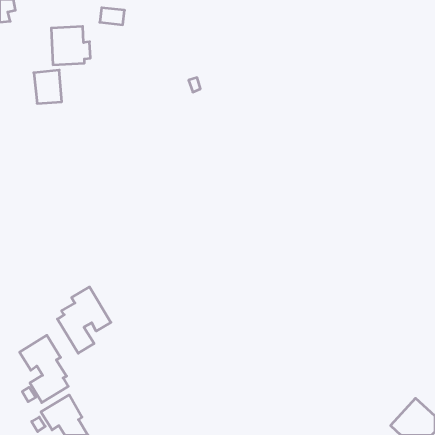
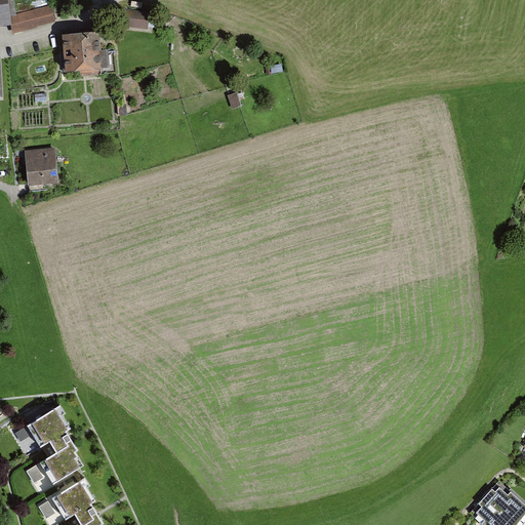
building: none -> [9,6,56,29]
building: [34,70,62,103] -> [24,149,57,189]
building: [57,287,111,353] -> none

